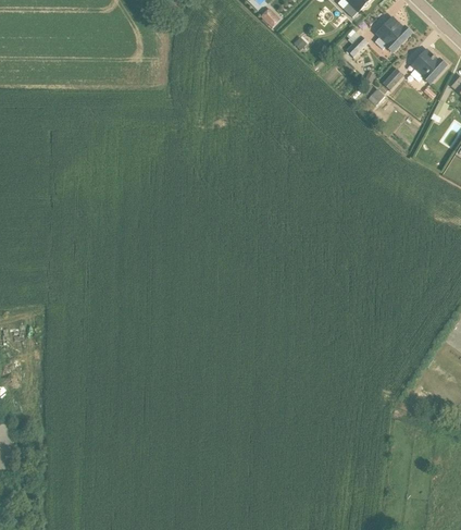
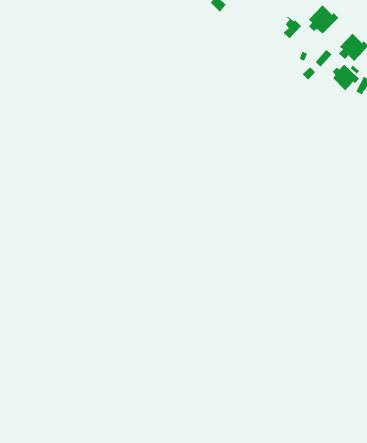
building: none -> [332,64,360,91]

